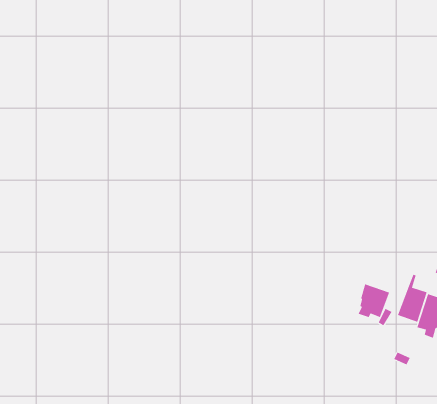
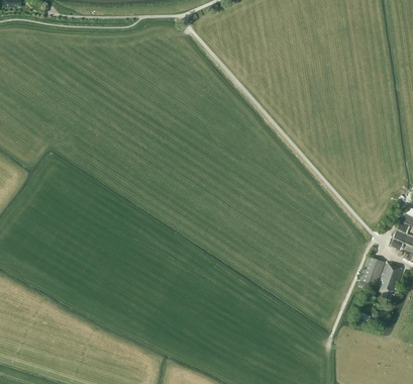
building: [358,283,390,318] -> none

